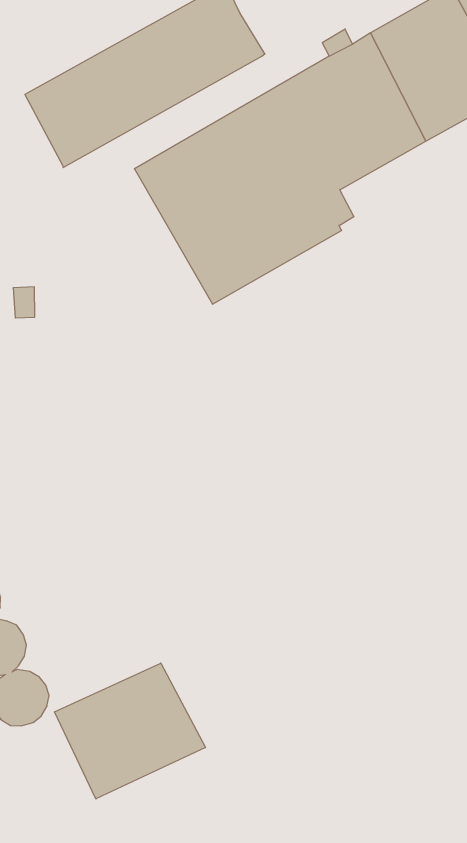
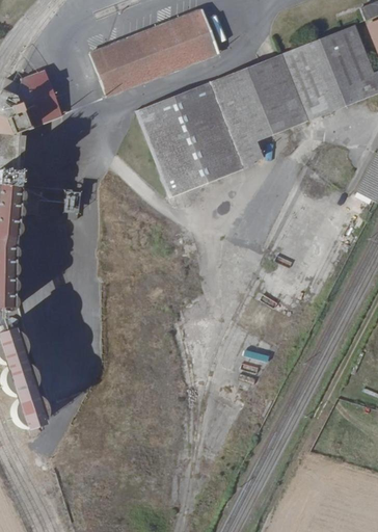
building: [55,663,205,799] -> none

